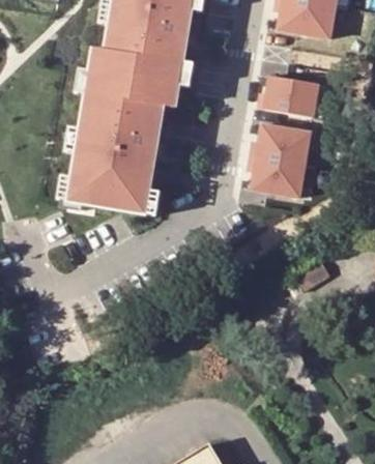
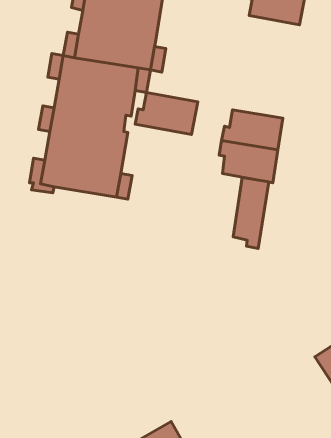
building: [260,77,323,119] -> [135,93,198,135]
building: none -> [233,177,269,248]

